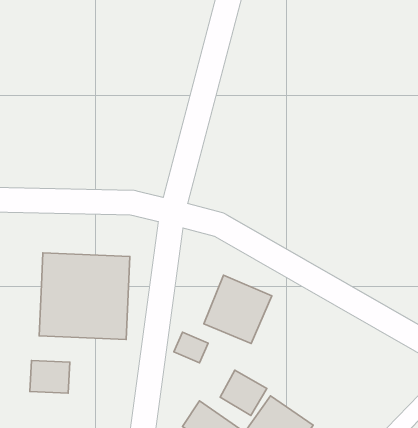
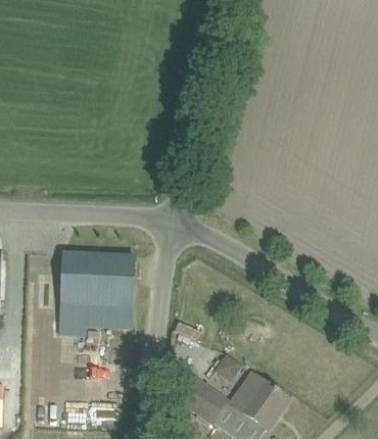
building: [204,275,272,343] -> none
building: [30,361,70,393] -> none

